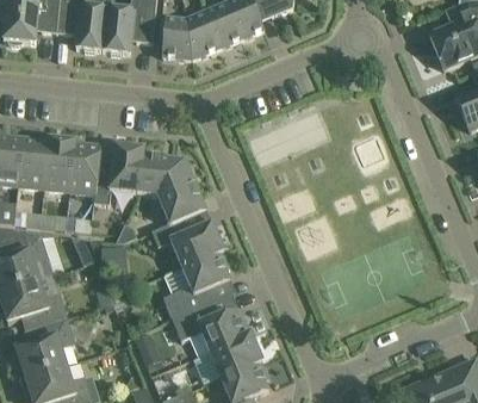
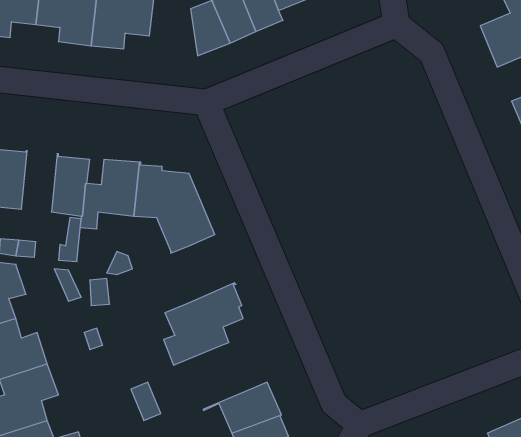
building: [161,18,192,58] -> none
building: [44,138,74,190] -> none
building: [154,218,223,266] -> none
building: [172,302,250,355] -> none

